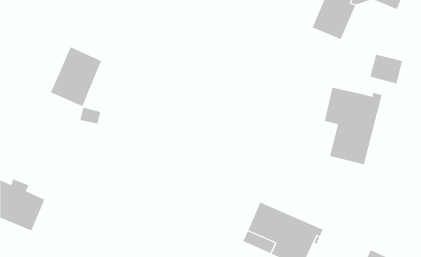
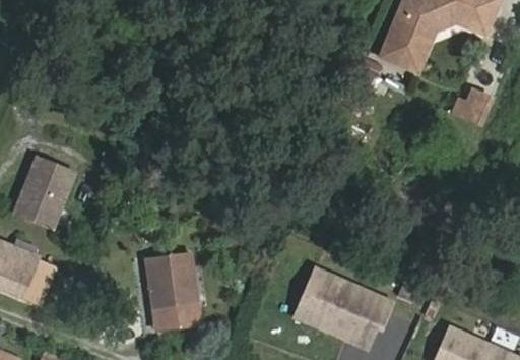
building: [50,47,102,107] -> [13,158,76,231]
building: [324,87,382,165] -> none
building: none -> [146,252,199,329]

